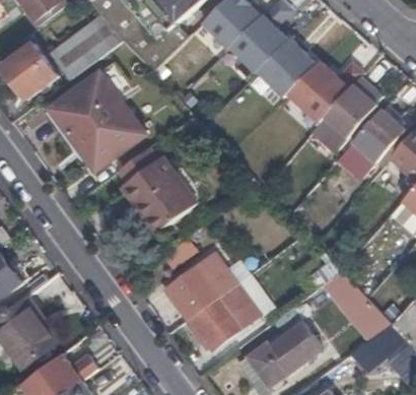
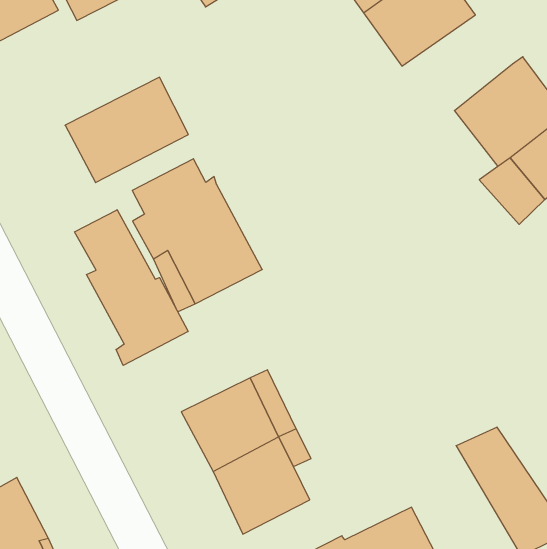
building: [258,39,318,98] -> none
building: [50,72,121,139] -> none
building: none -> [75,210,188,365]

